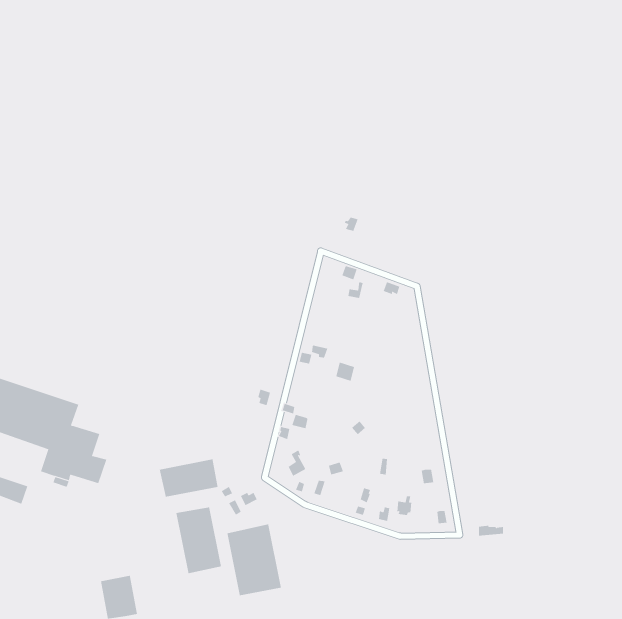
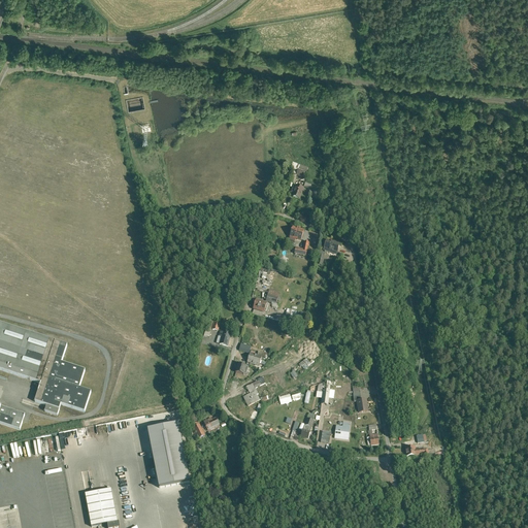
building: [159,458,218,498] -> none
building: [227,524,282,596] -> none

